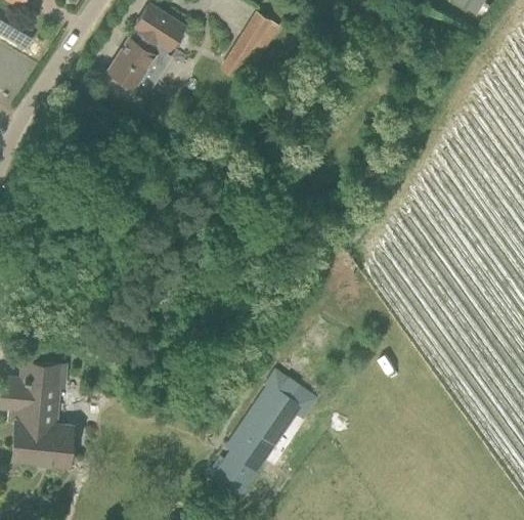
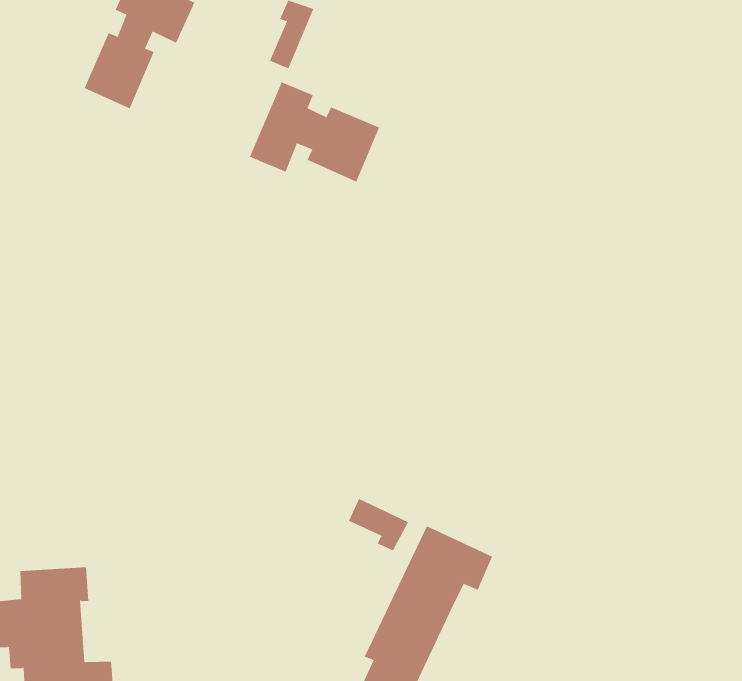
building: none -> [249,81,380,182]
building: none -> [348,498,409,551]

